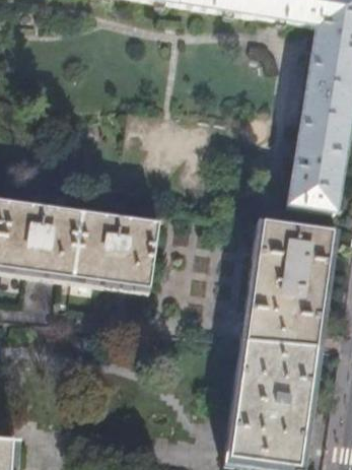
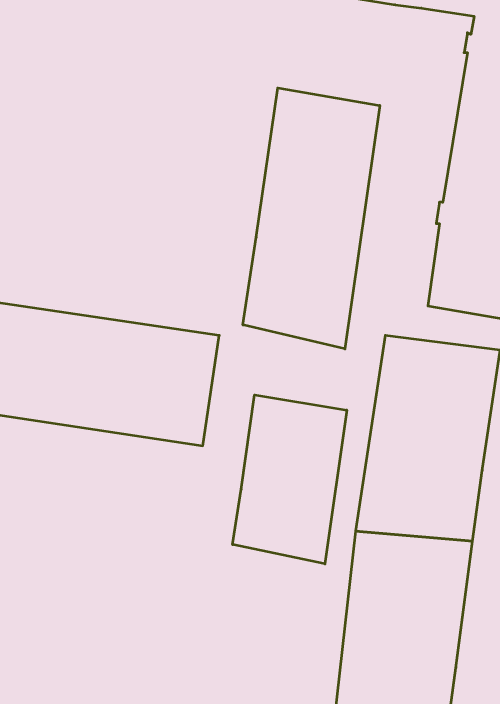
building: none -> [243,88,380,349]
building: none -> [233,395,347,564]

